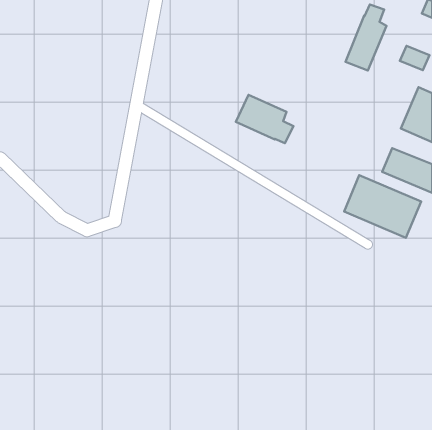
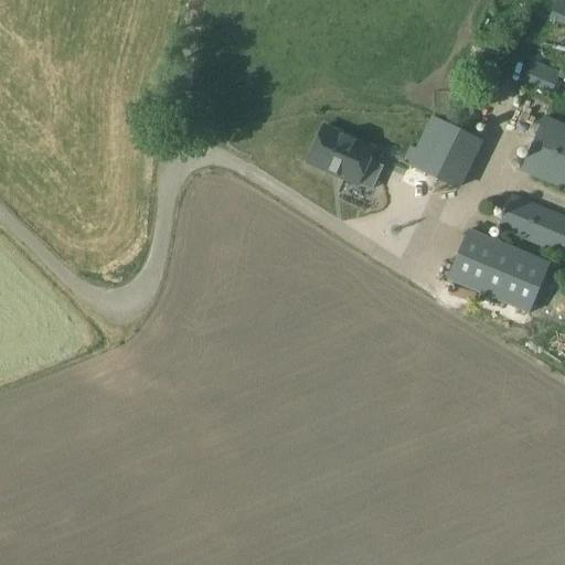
building: [345,4,387,70] -> none
building: none -> [414,124,476,185]

